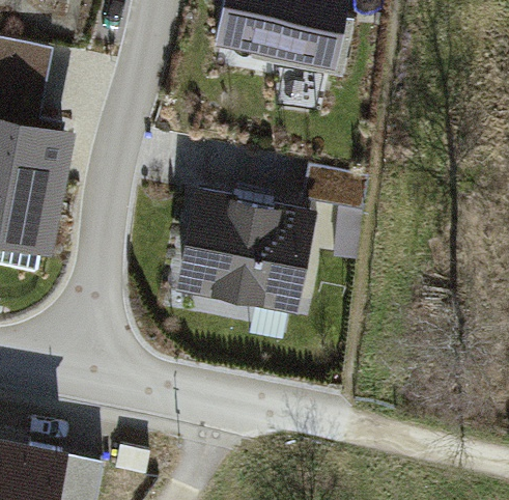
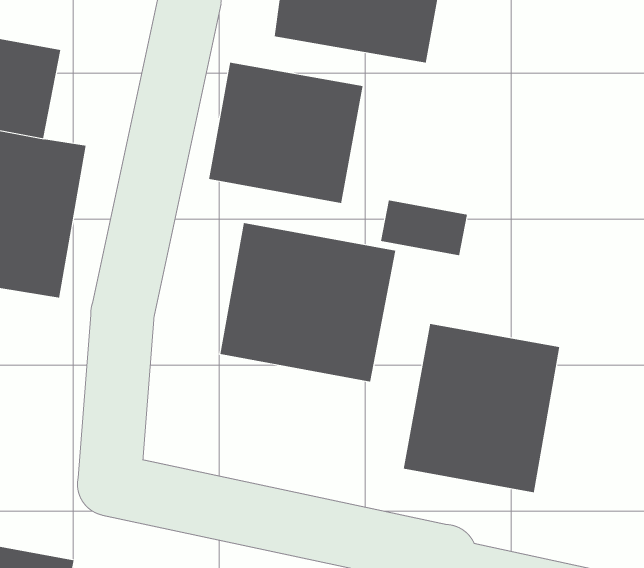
building: none -> [209,62,363,204]
building: none -> [403,323,560,493]

